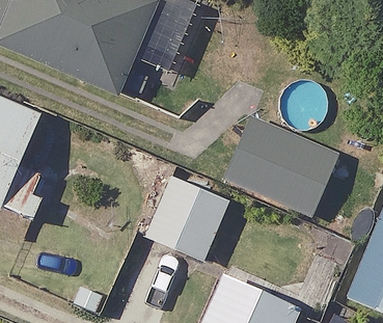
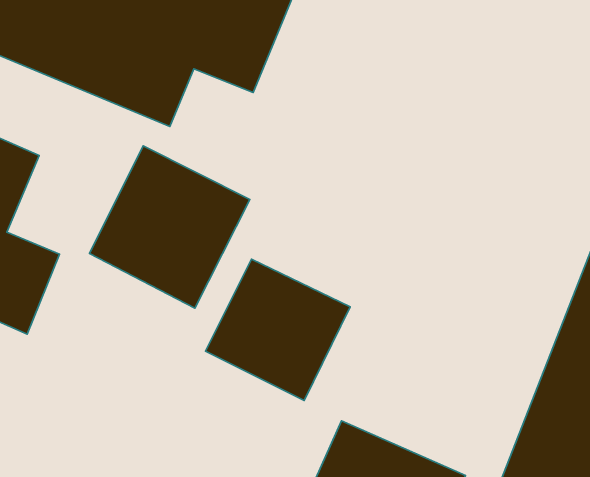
building: none -> [89,146,250,308]
building: [226,117,339,216] -> none

